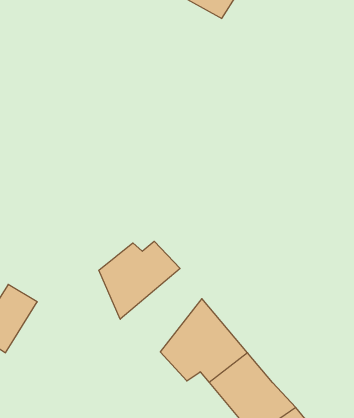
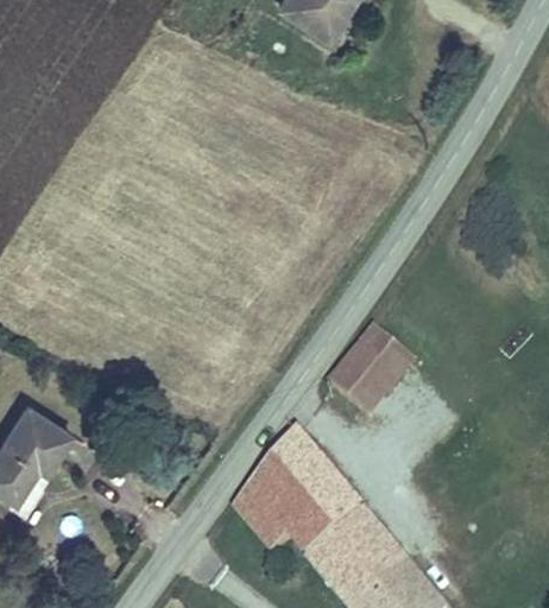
building: none -> [337,329,417,413]
building: [99,241,180,319] -> none

